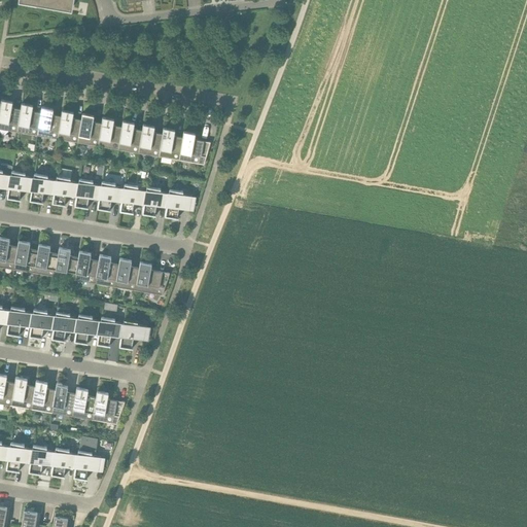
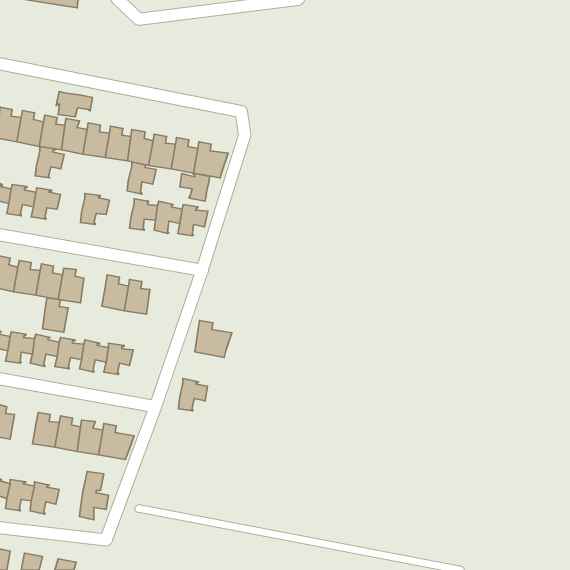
building: none -> [56,91,93,117]
building: none -> [180,173,209,201]
building: [51,175,78,204] -> [35,147,64,178]
building: [97,180,124,210] -> [127,162,156,194]
building: [74,250,98,282] -> [43,298,68,332]
building: [135,260,169,294] -> [195,321,232,357]
building: [118,318,145,348] -> [178,379,207,411]
building: [9,376,34,409] -> none
building: [50,447,76,476] -> none

